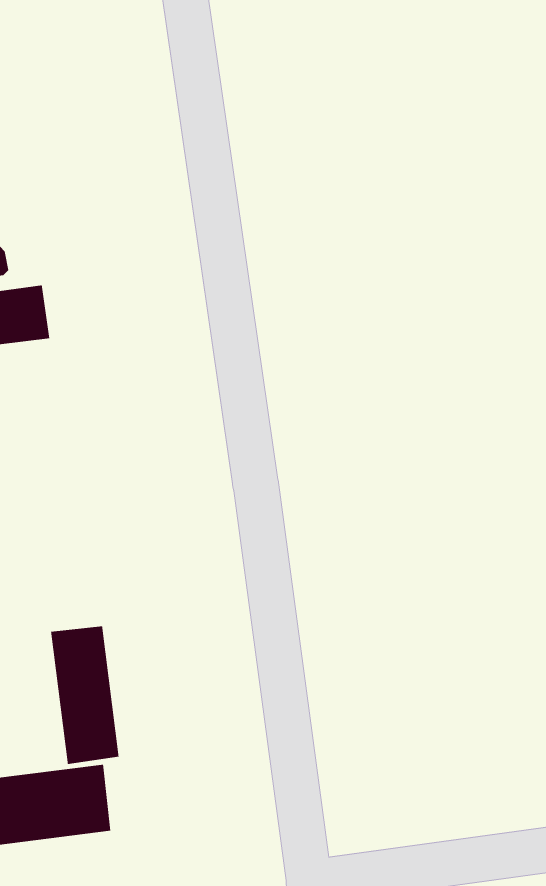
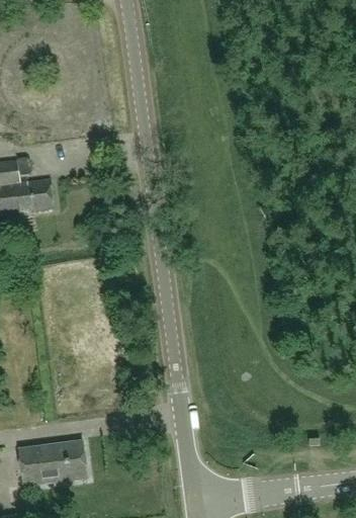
building: [50,625,119,765] -> none

